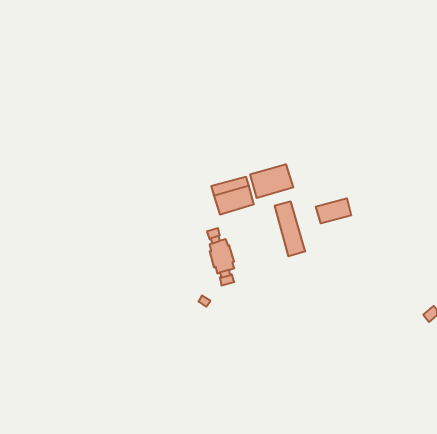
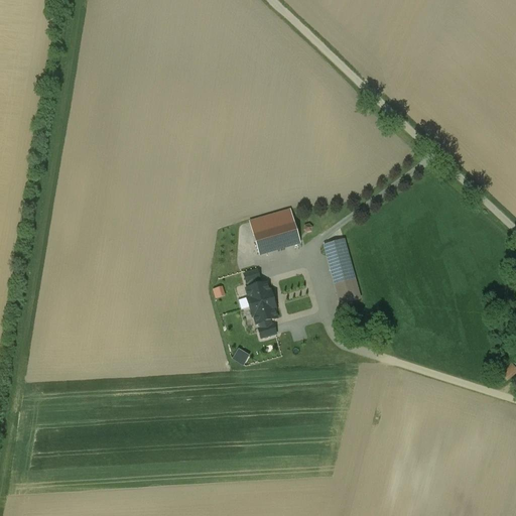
building: [250,164,293,198] -> none
building: [316,198,351,223] -> none

